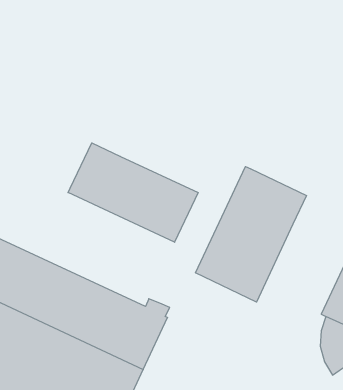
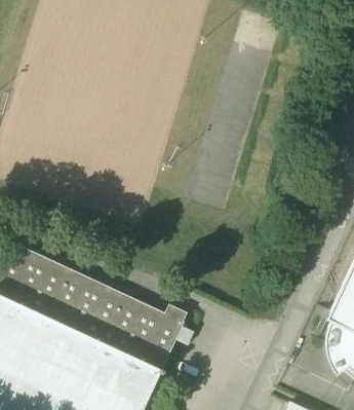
building: [68,143,198,242] -> none
building: [196,167,306,302] -> none

